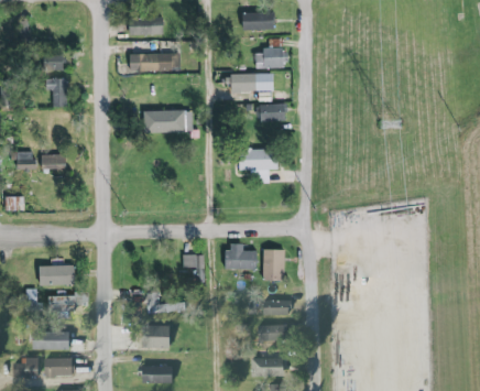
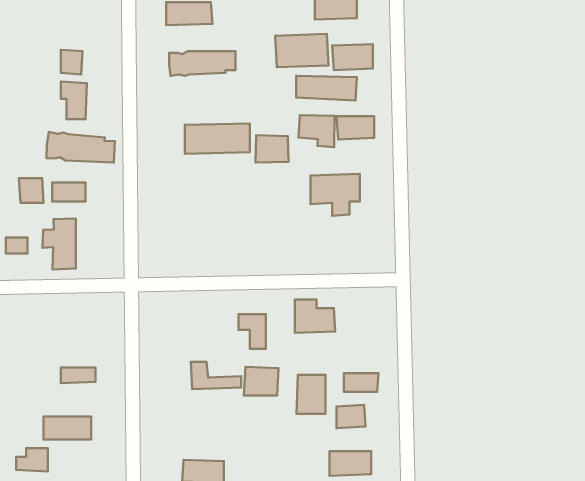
building: none -> [275,34,329,67]
building: none -> [298,115,335,147]
building: none -> [46,132,115,163]
building: none -> [255,135,288,162]
building: none -> [43,218,76,269]
building: [262,249,284,279] -> [296,375,325,414]
building: [37,264,74,285] -> none
building: [143,325,170,347] -> [244,367,279,396]
building: [44,357,73,376] -> none

